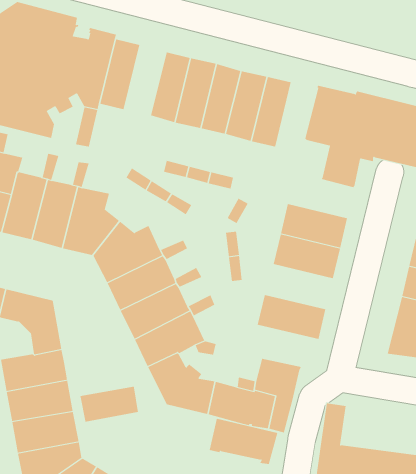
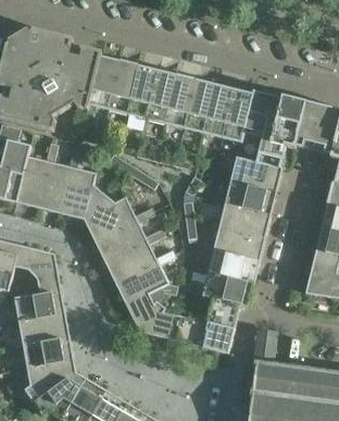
building: none -> [108,60,139,113]
building: none -> [222,88,253,141]
building: none -> [230,156,282,190]
building: none -> [213,225,265,259]
building: [80,386,138,422] -> none
building: [209,418,278,464] -> [202,271,254,306]

